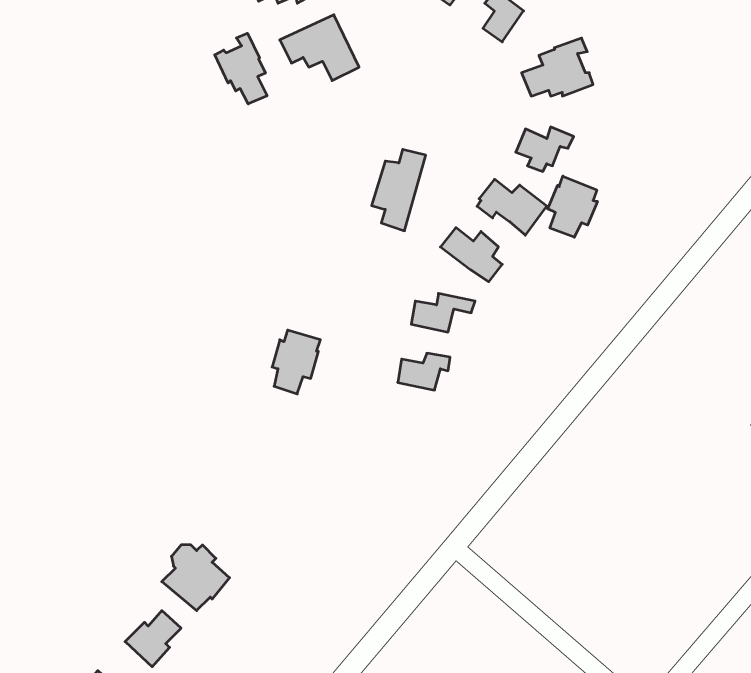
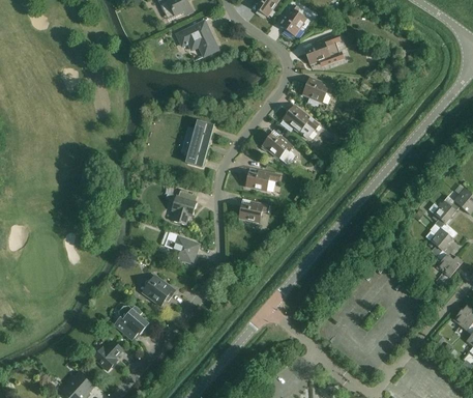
building: [215,33,267,104] -> none
building: [372,149,426,231] -> [183,122,212,166]
building: [548,176,597,237] -> none
building: none -> [172,235,199,264]
building: none -> [141,275,174,305]

